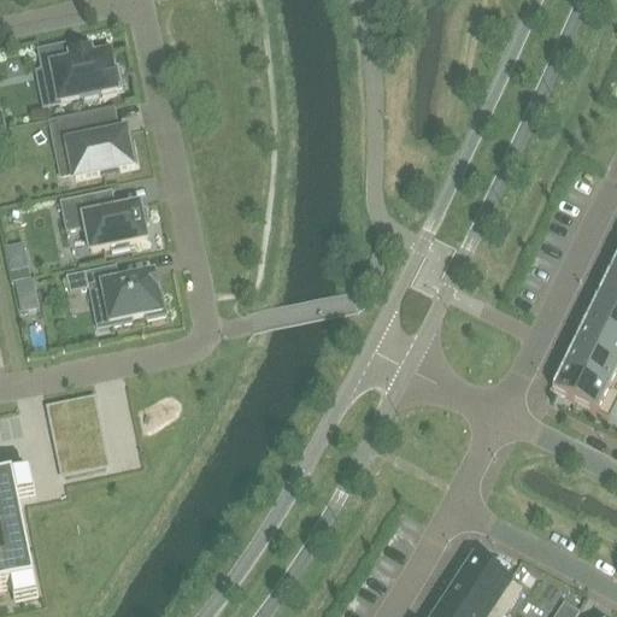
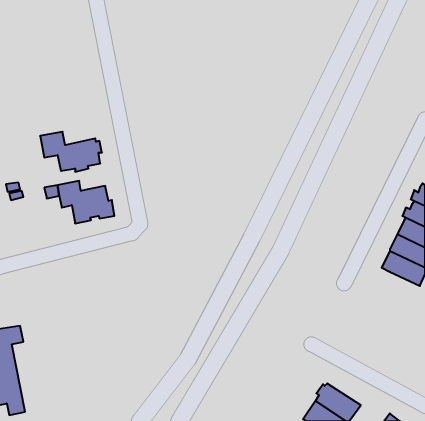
building: [35,39,119,96] -> none
building: [51,104,135,172] -> none

